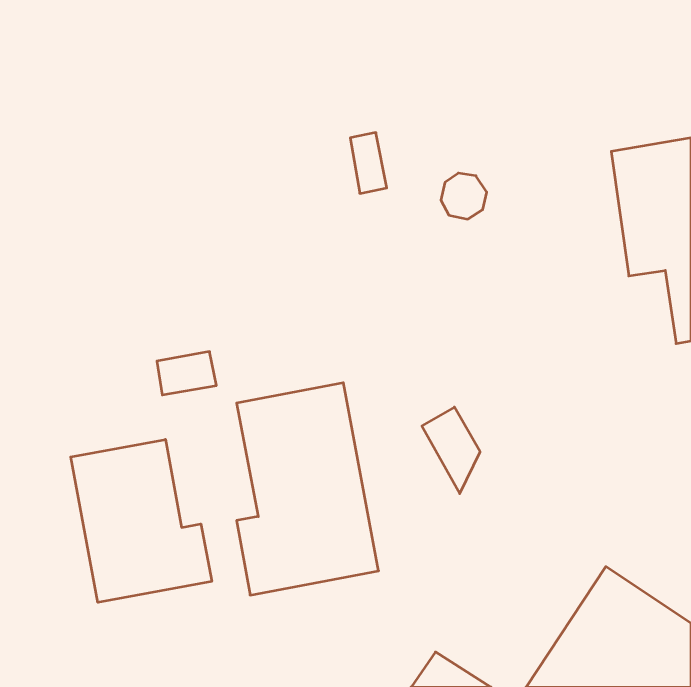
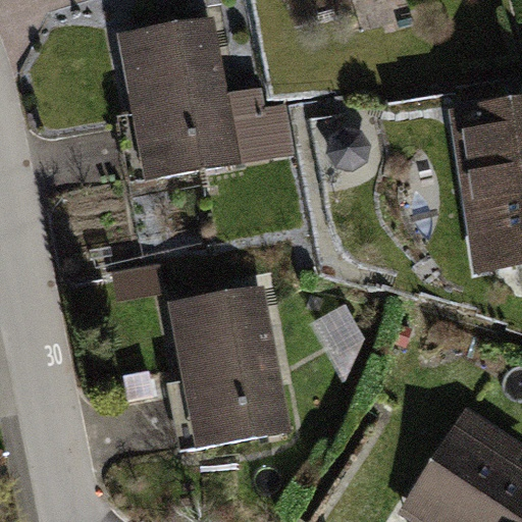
building: none -> [126,21,236,179]
building: [71,439,212,602] -> none

